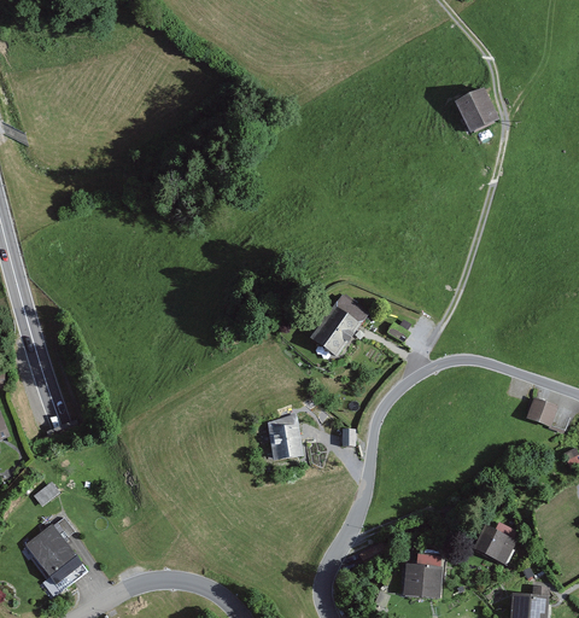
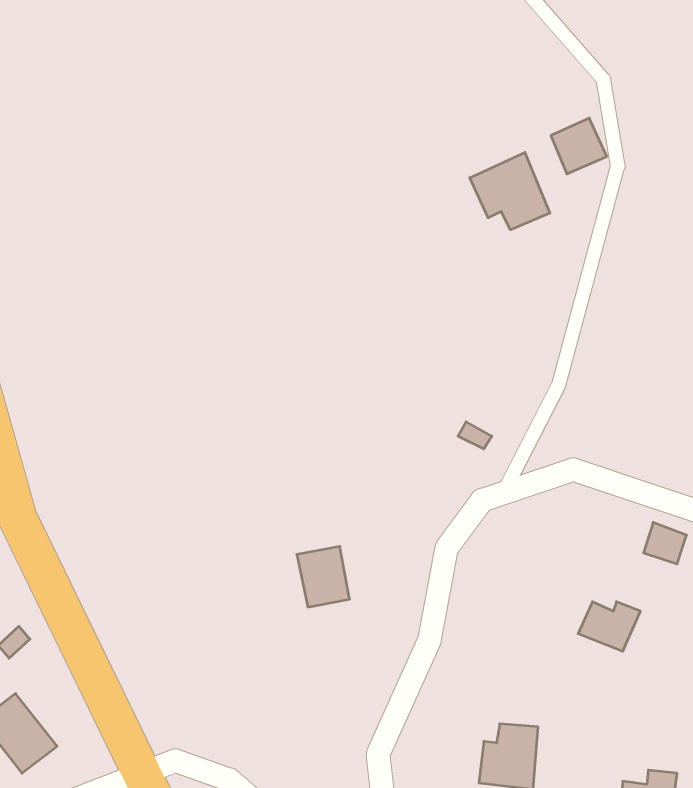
building: none -> [470,152,550,230]
building: [310,295,367,358] -> none
building: [473,524,520,561] -> [578,602,640,651]

